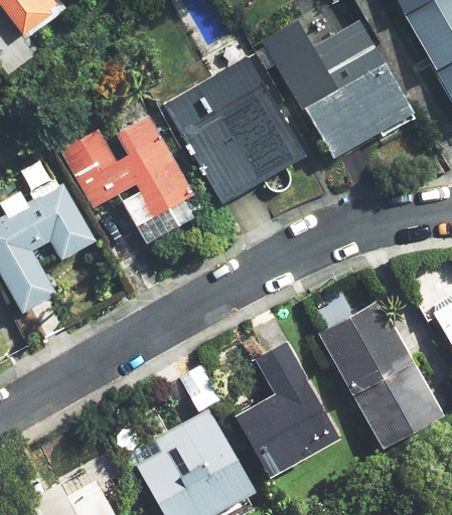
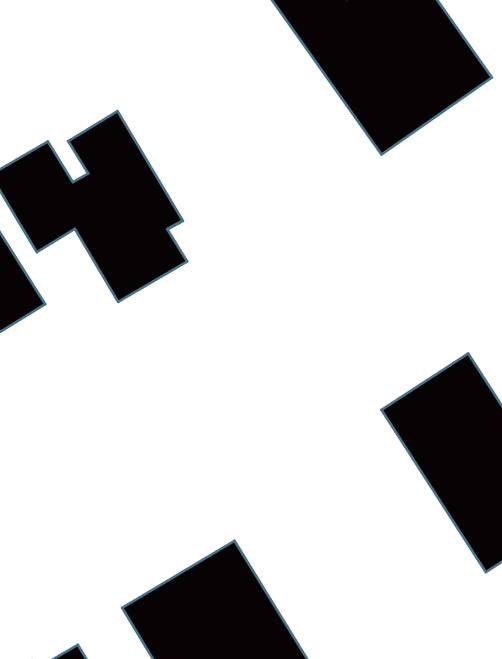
building: [165,55,304,201] -> none
building: [234,352,334,474] -> none

